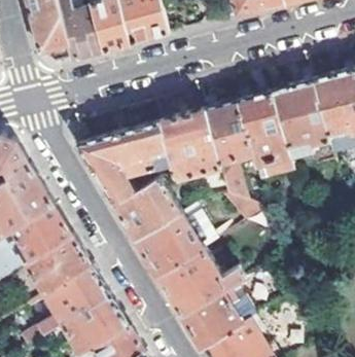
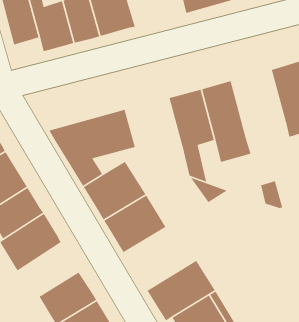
building: [272,79,330,152] -> none
building: [158,109,220,179] -> none
building: [156,248,243,316] -> none
building: [34,264,109,338] -> none

